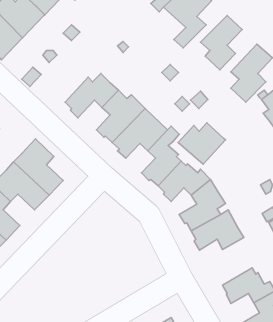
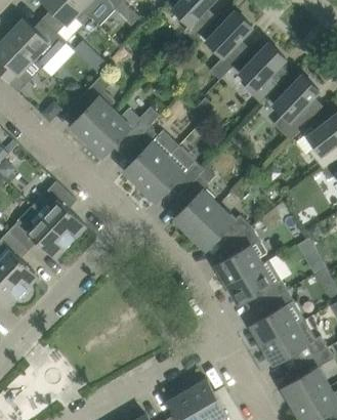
building: none -> [69,74,113,139]
building: [178,123,226,164] -> none
building: none -> [249,290,303,343]

